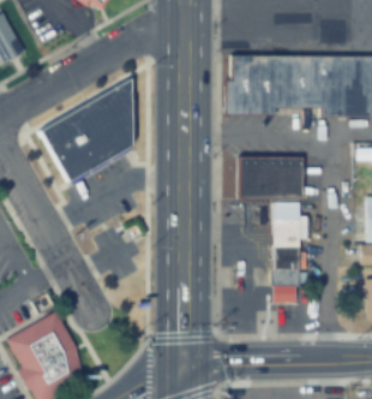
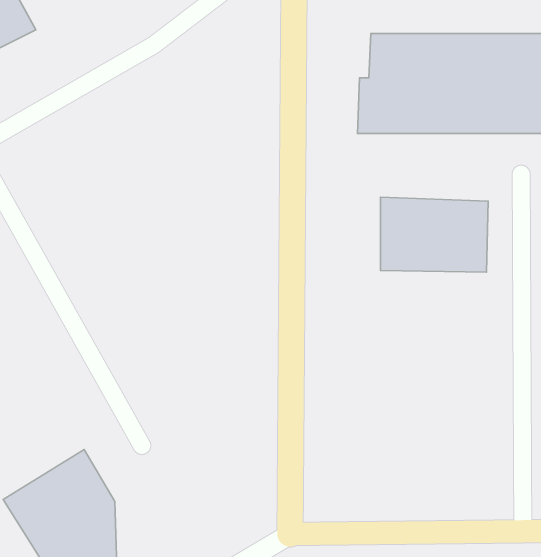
building: [36,78,131,180] -> none
building: [274,207,310,298] -> none

